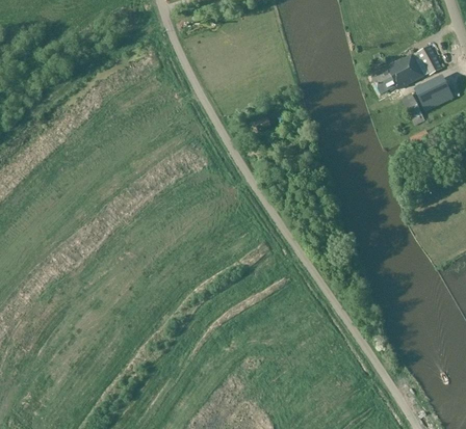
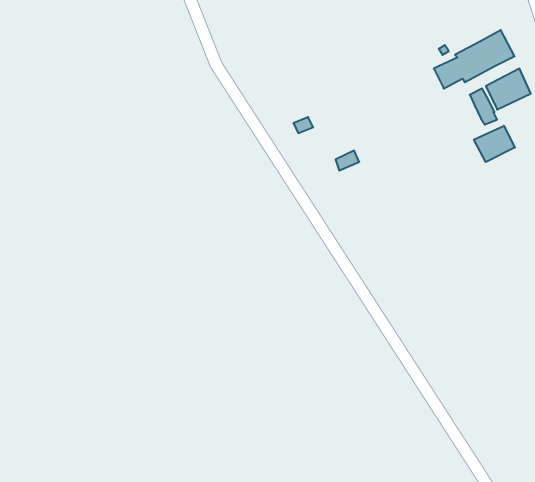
building: none -> [474,126,515,162]

